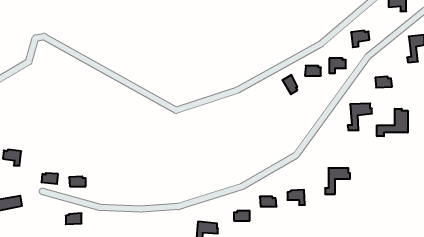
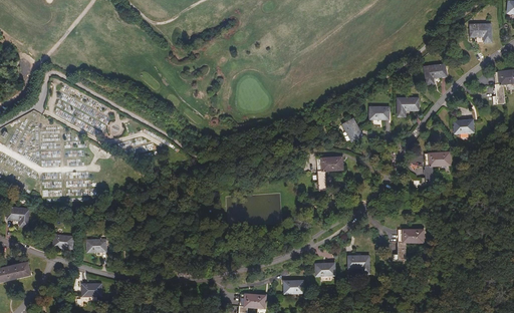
building: none -> [313,156,343,189]
building: [377,109,408,136] -> none

